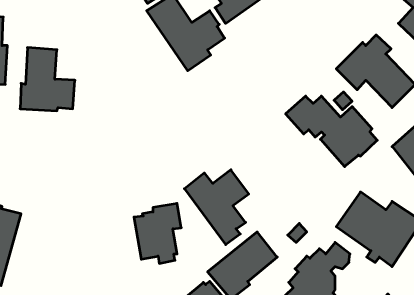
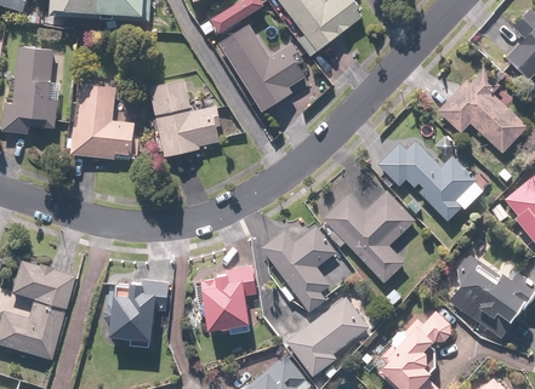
building: none -> [149,81,222,158]
building: none -> [324,191,417,284]
building: none -> [115,281,170,348]

